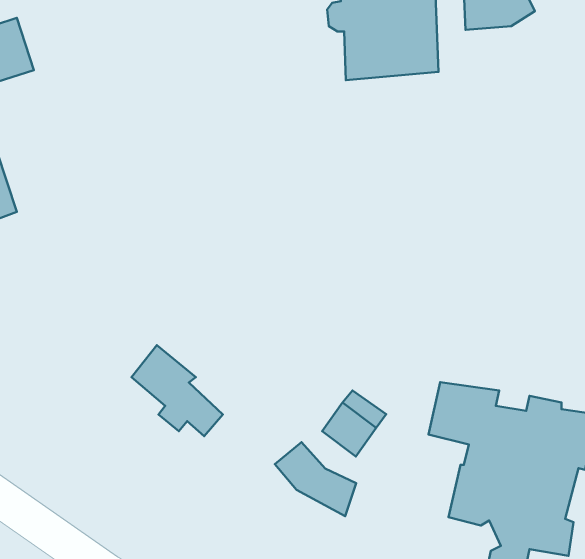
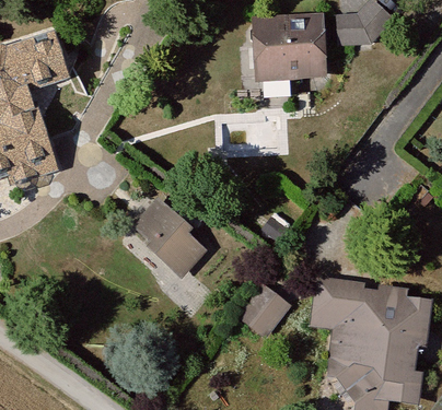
building: [132,345,223,436] -> [150,206,209,265]
building: [275,442,356,516] -> none

